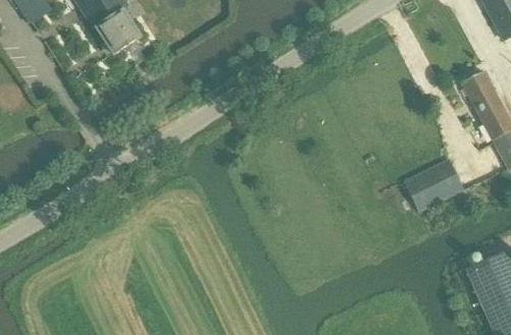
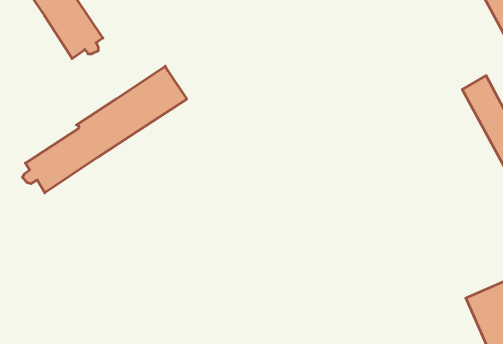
building: none -> [22,66,187,193]
building: [404,159,464,211] -> none

